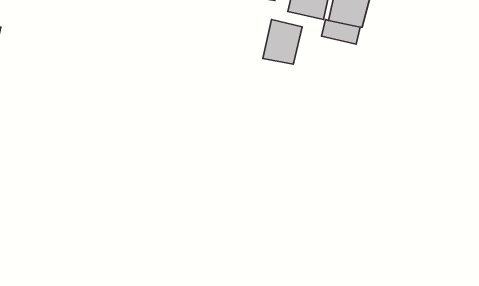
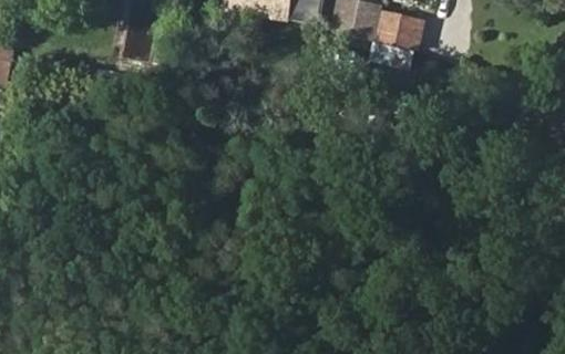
building: [263,20,302,64] -> none

